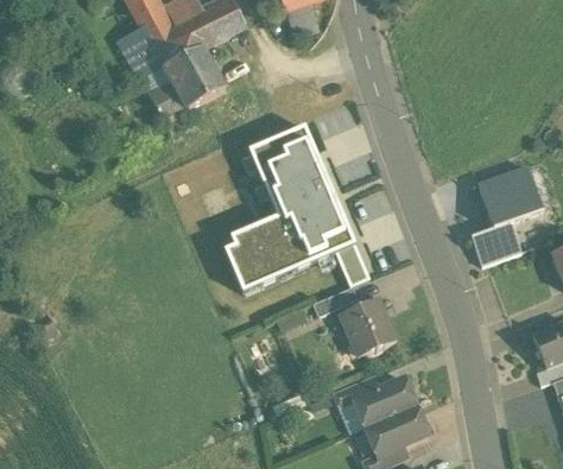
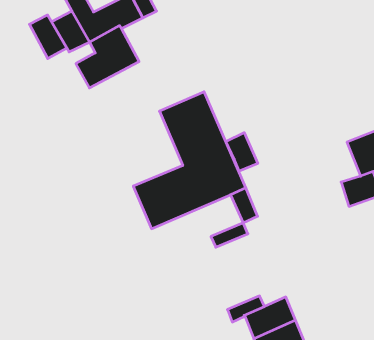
building: none -> [29,15,67,59]
building: none -> [226,133,258,171]
building: [339,298,396,354] -> none

